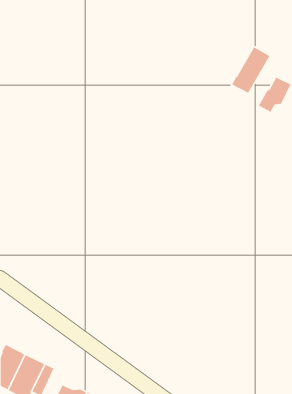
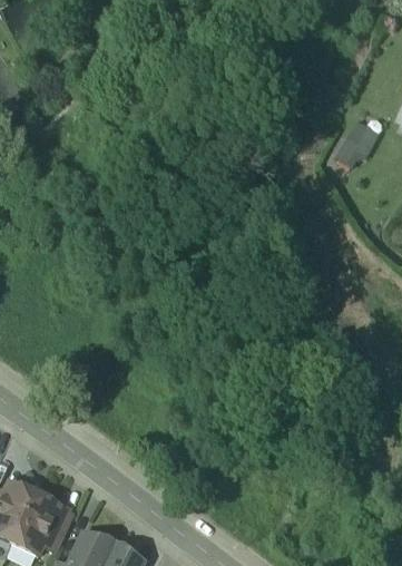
building: [231,46,271,94] -> none

